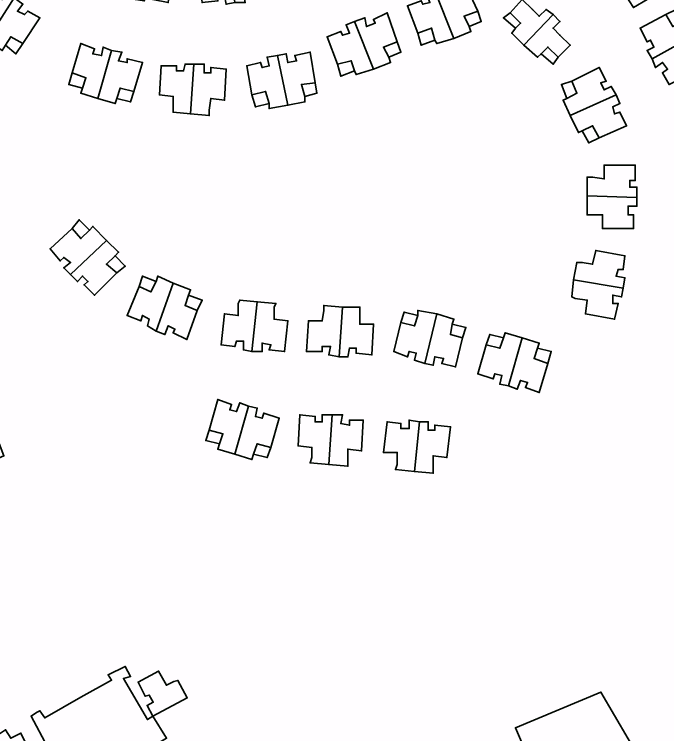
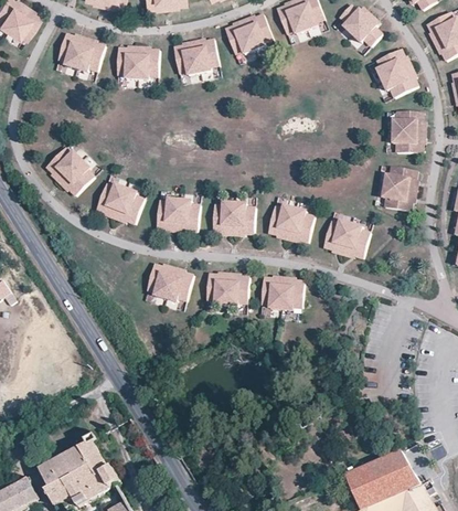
building: [138,671,187,716] -> none

